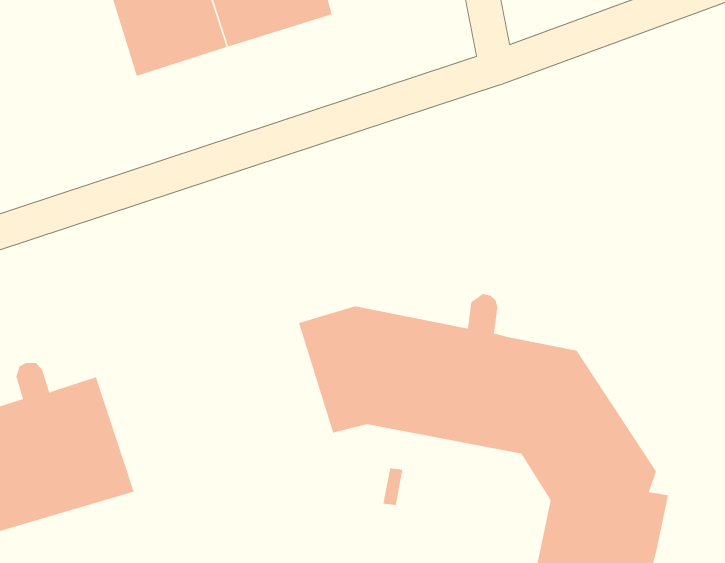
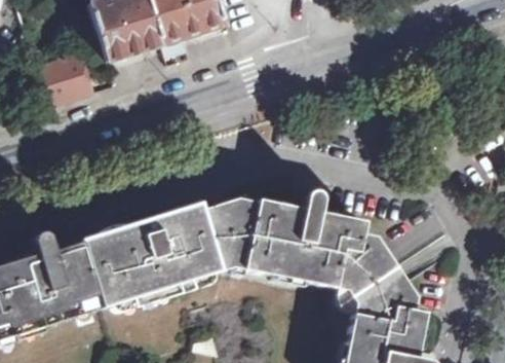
building: none -> [40,52,94,104]
building: none -> [83,202,224,308]

